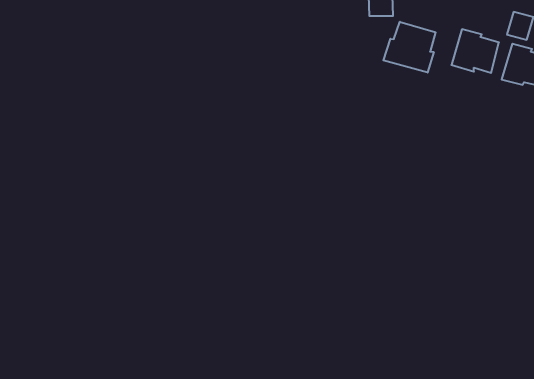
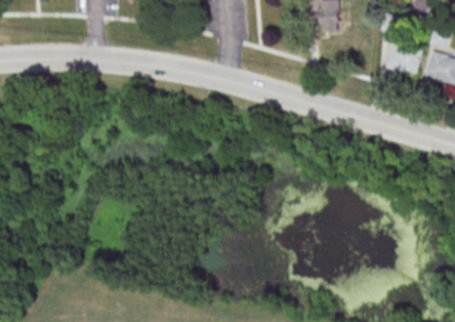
building: [383,22,436,73] -> none

